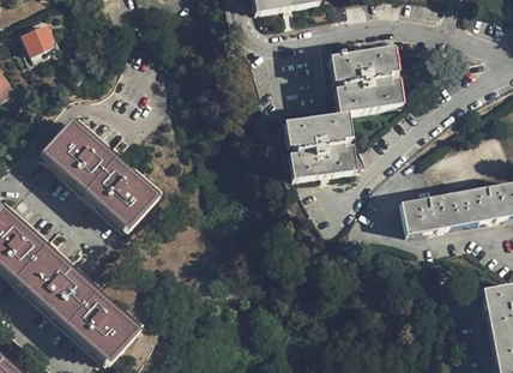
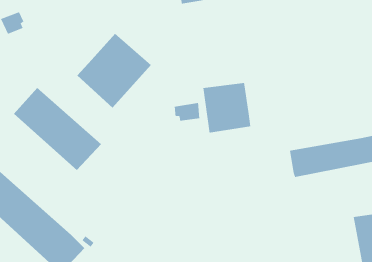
building: [334,46,397,113] -> none
building: none -> [76,33,152,108]
building: none -> [174,102,200,122]

